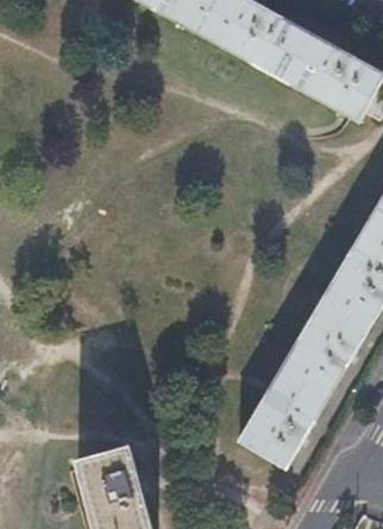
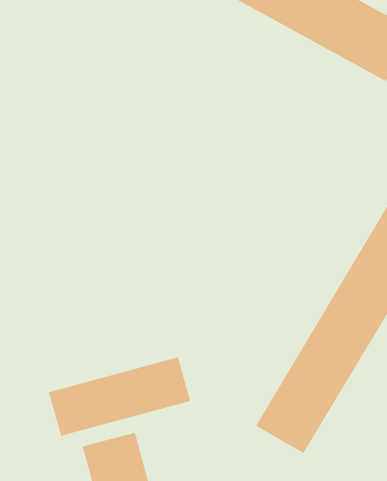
building: none -> [48,357,191,436]

